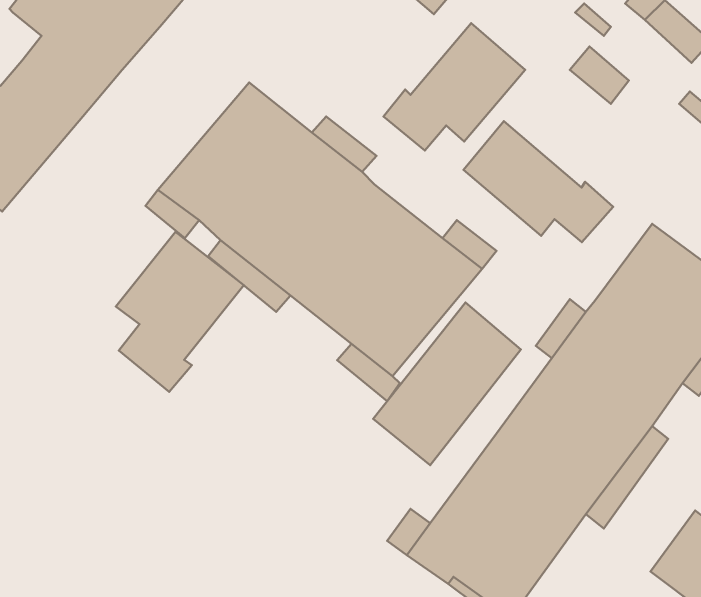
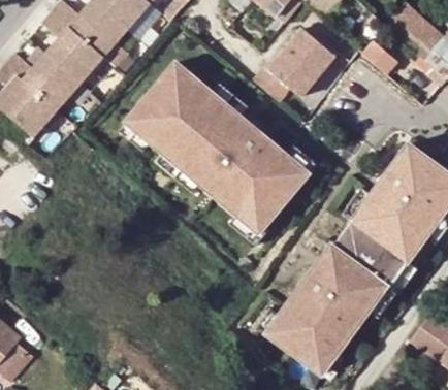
building: [463,121,613,242] -> none
building: [116,232,244,392] -> none
building: [373,302,521,465] -> none

